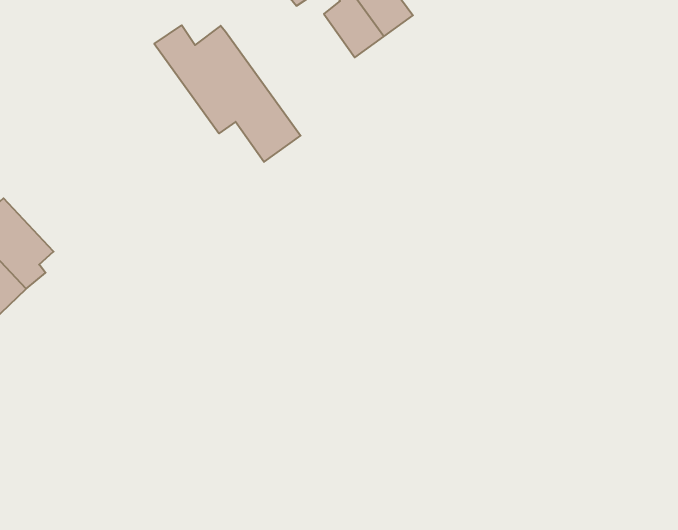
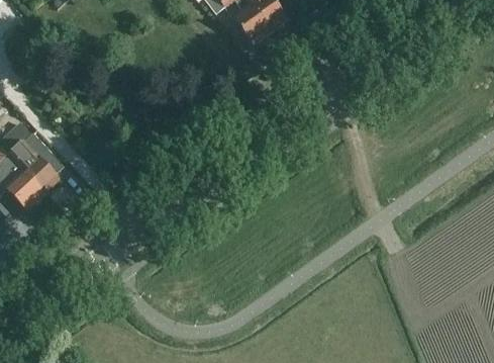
building: [154,25,301,162] -> none

